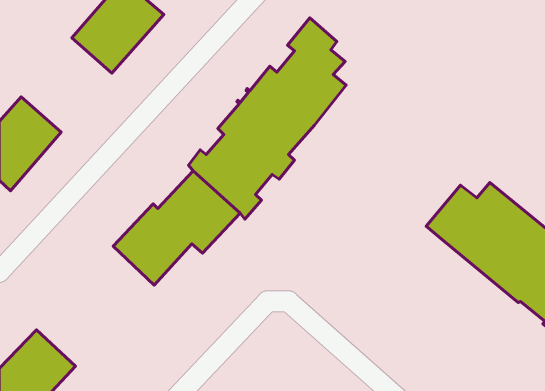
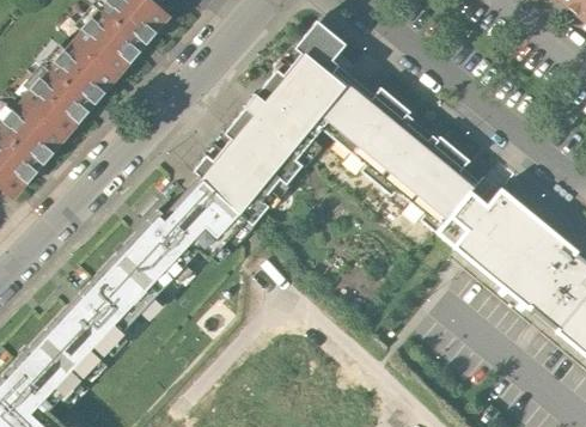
building: none -> [25,39,117,135]
building: none -> [323,86,475,231]
building: none -> [41,251,160,373]

